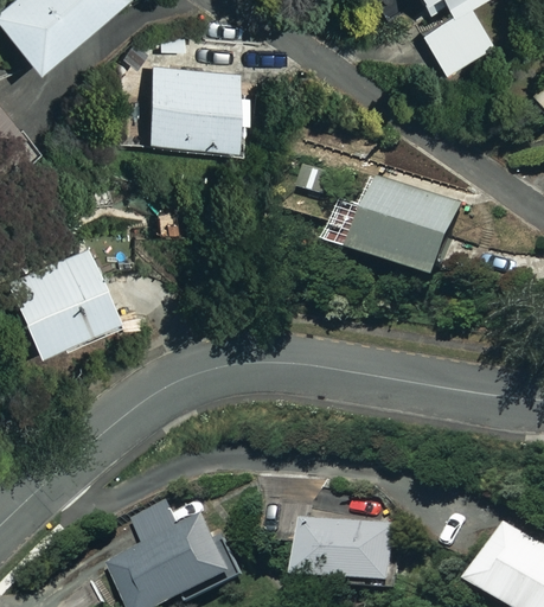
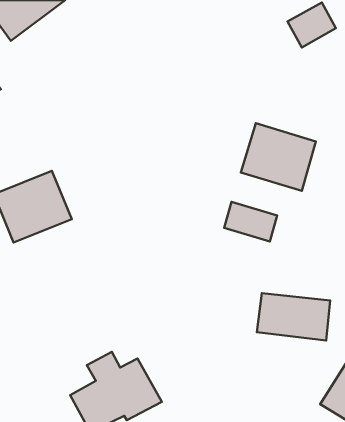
building: [142,65,245,140] -> none
building: none -> [224,202,277,242]
building: [297,517,402,584] -> [257,293,330,341]

